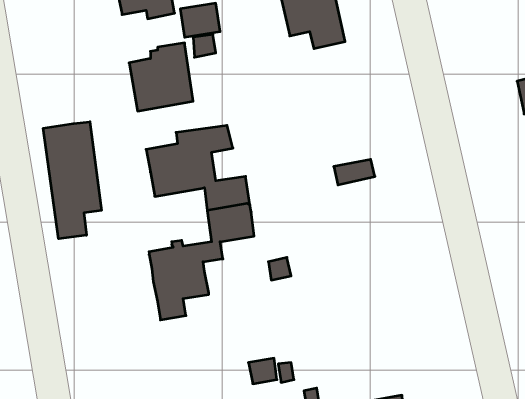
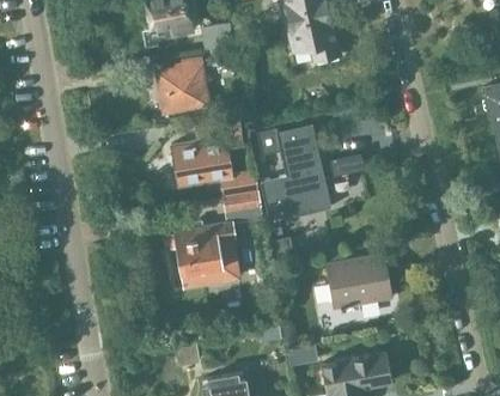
building: [43,122,101,239] -> none
building: none -> [256,123,331,223]
building: none -> [325,254,392,309]

